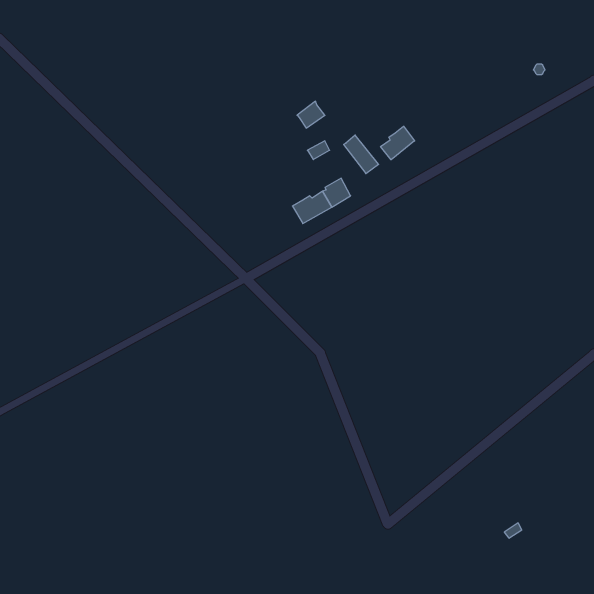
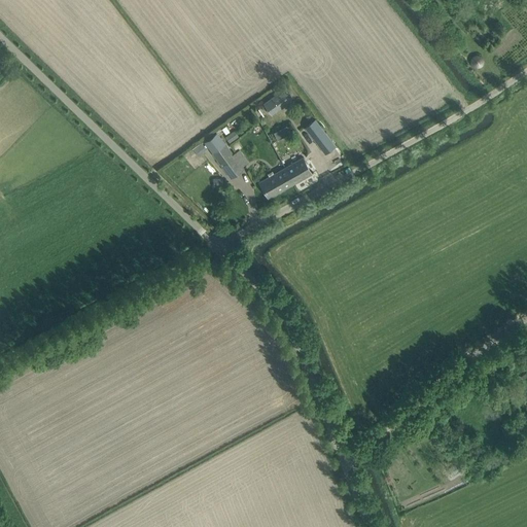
building: [381,126,415,160] -> none
building: none -> [212,144,244,179]

